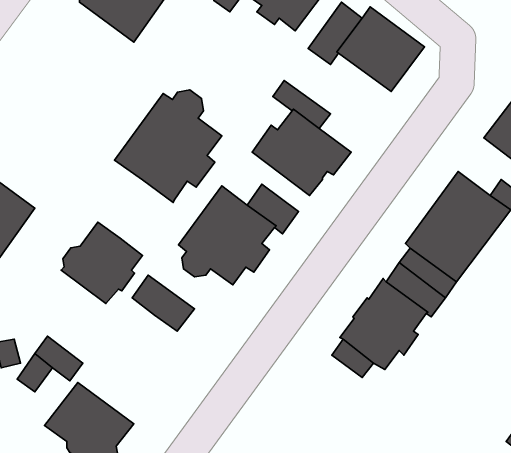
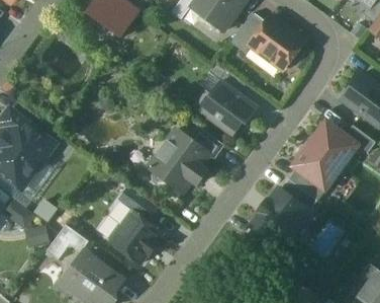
building: [115,90,222,203] -> none
building: [61,222,143,304] -> [110,212,162,263]

